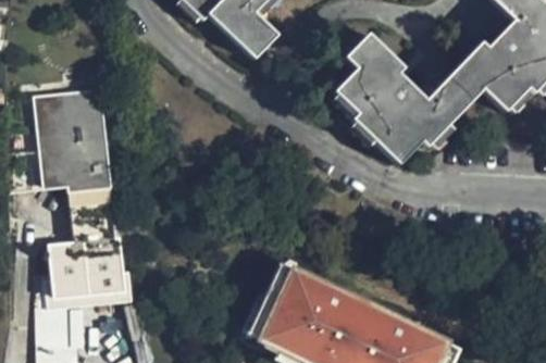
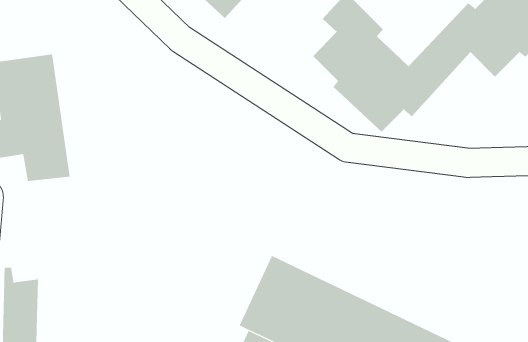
building: [52,201,126,299] -> none
building: [249,265,299,339] -> none

